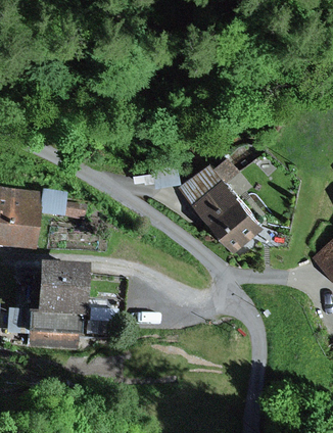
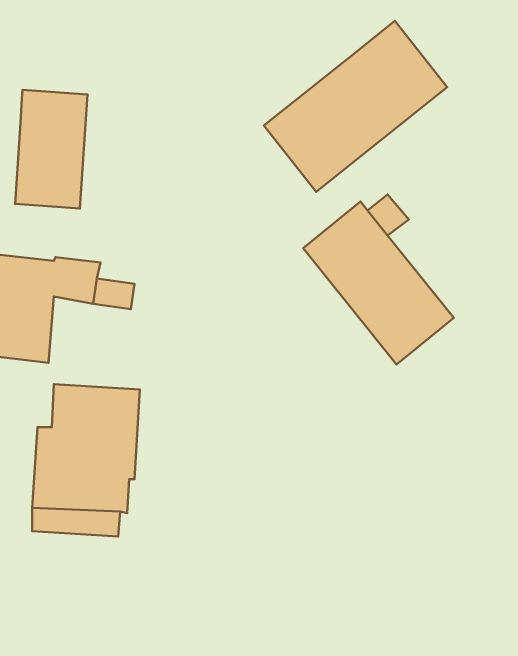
building: none -> [264,21,447,192]
building: none -> [15,90,87,208]

